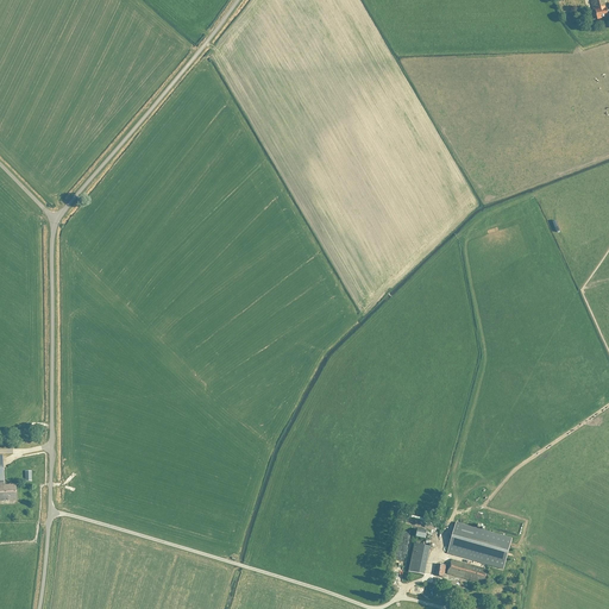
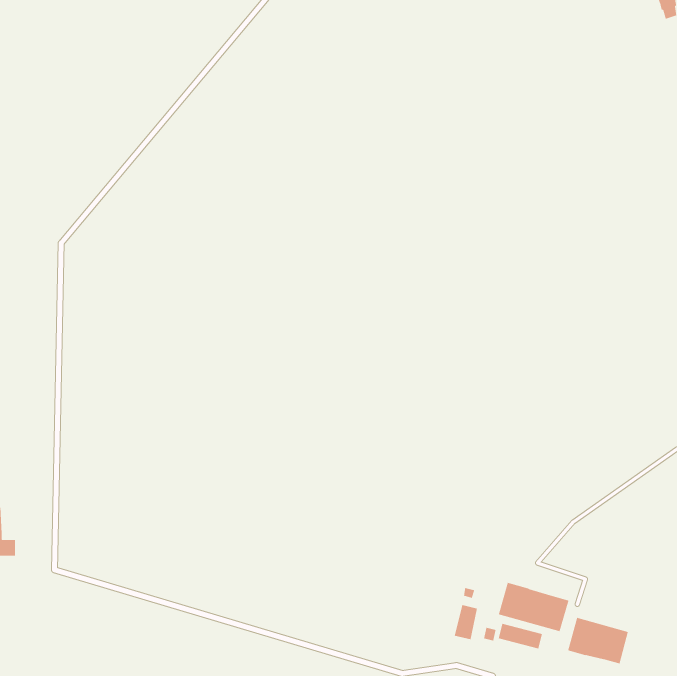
building: none -> [567,617,629,664]

